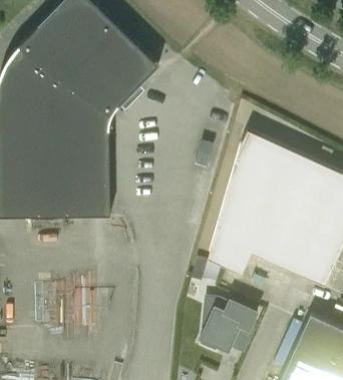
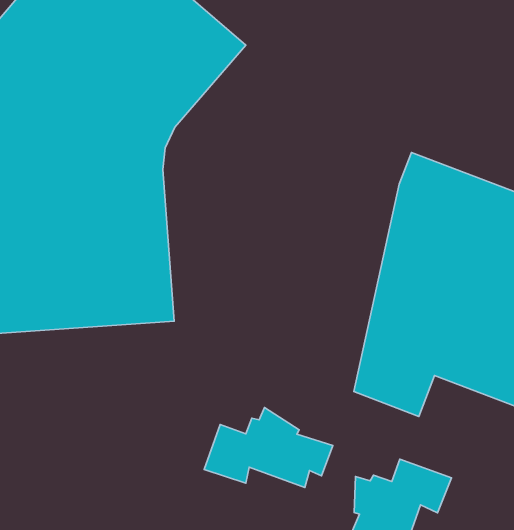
building: none -> [204,407,333,487]

